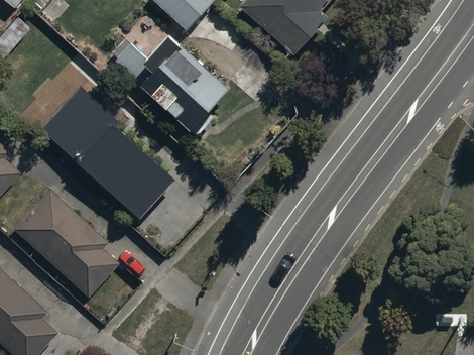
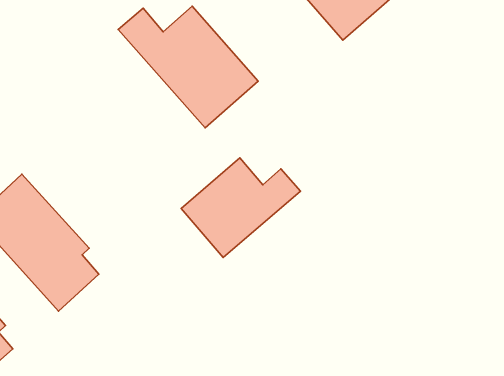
building: [43,88,175,216] -> none
building: none -> [181,158,301,257]

